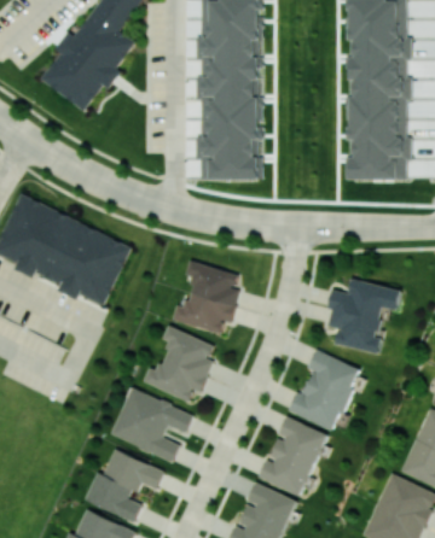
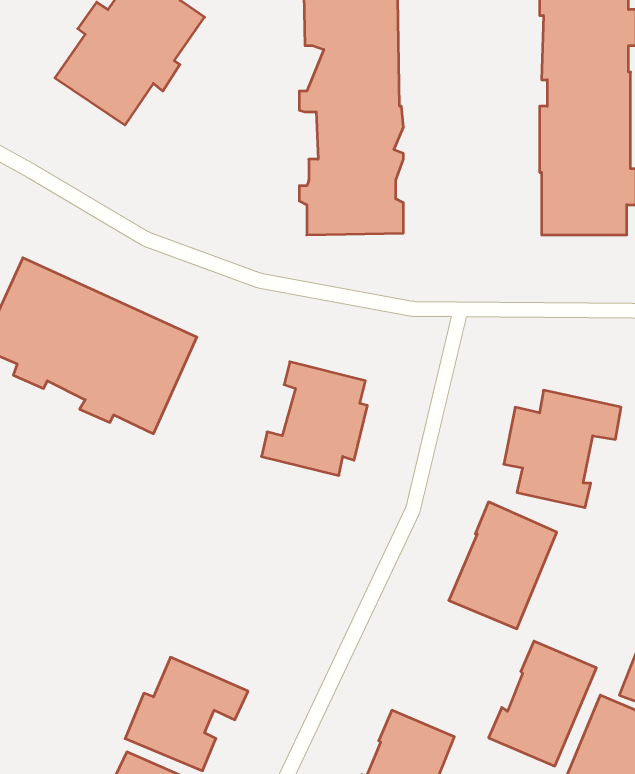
building: [143,326,214,400] -> none
building: [110,387,193,461] -> none
building: [257,416,326,496] -> [489,641,596,766]

